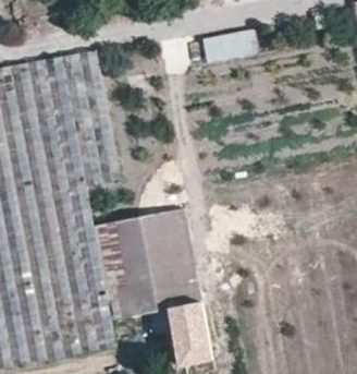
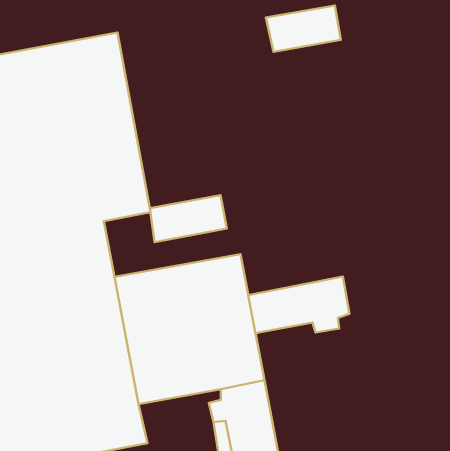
building: none -> [150,195,227,242]
building: none -> [248,277,350,334]

